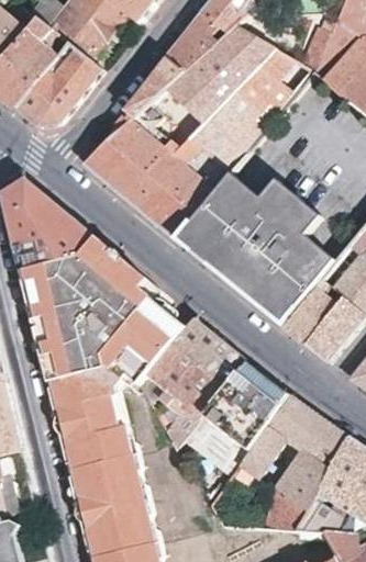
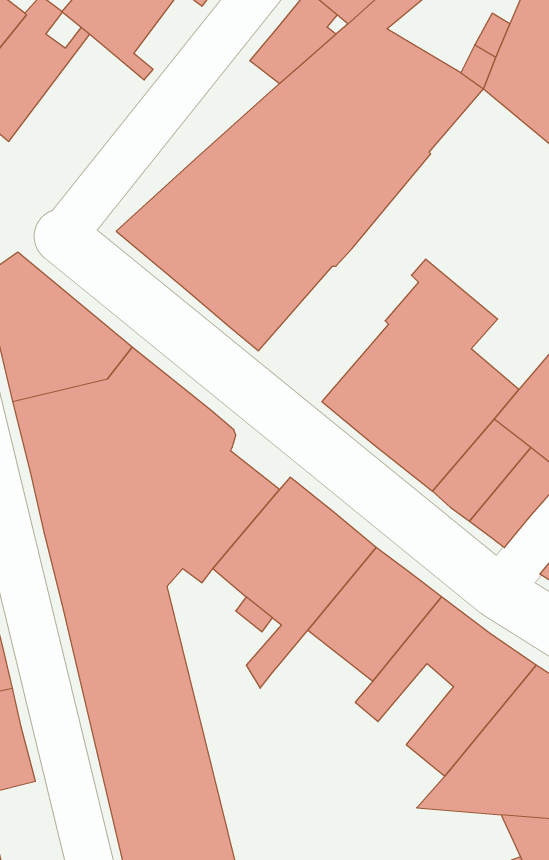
building: [16,40,101,123] -> none
building: [124,56,186,117] -> none
building: [173,173,273,269] -> none
building: [181,412,244,470] -> none

